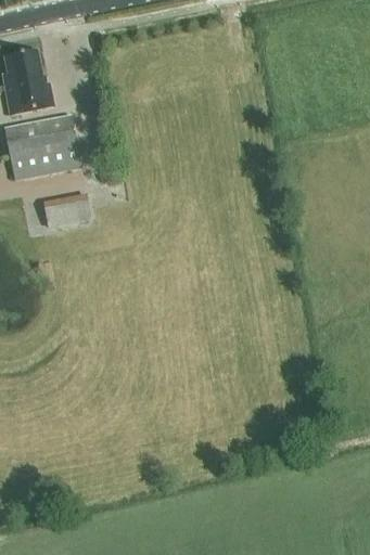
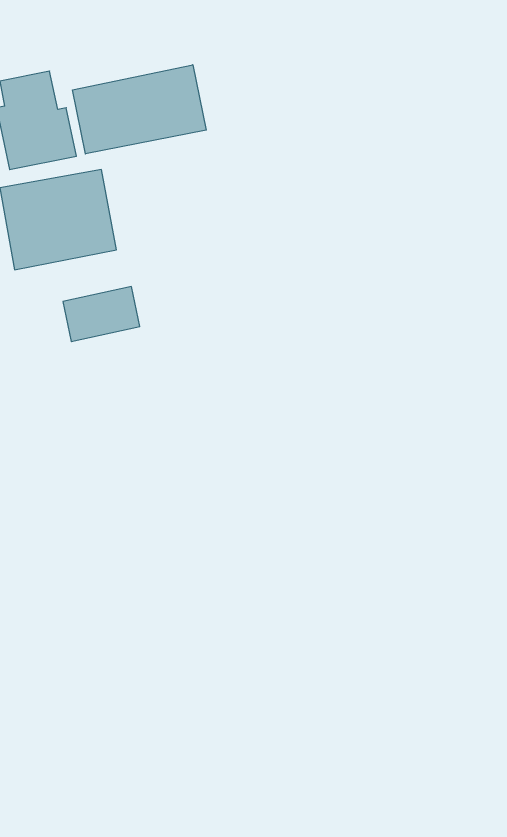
building: none -> [73,65,206,154]

